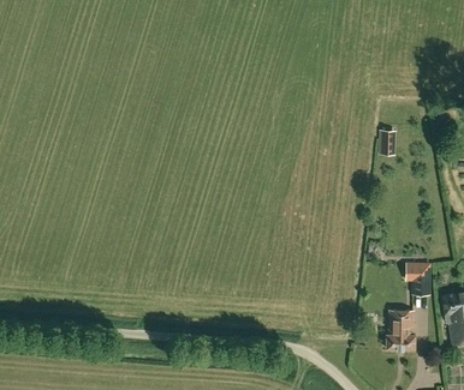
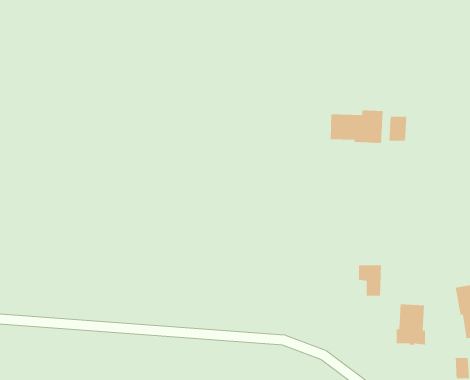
building: none -> [330,109,383,144]
building: [406,264,429,294] -> [358,265,382,296]

